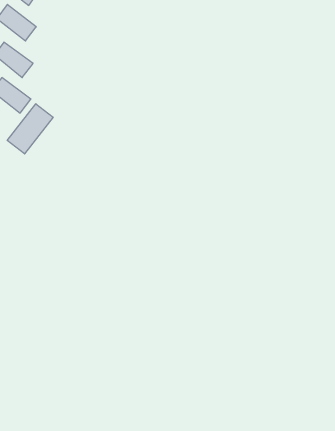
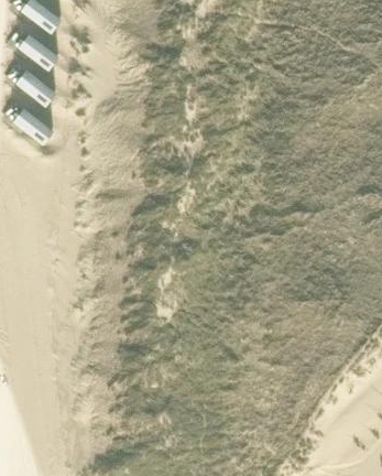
building: [7,104,53,154] -> none

